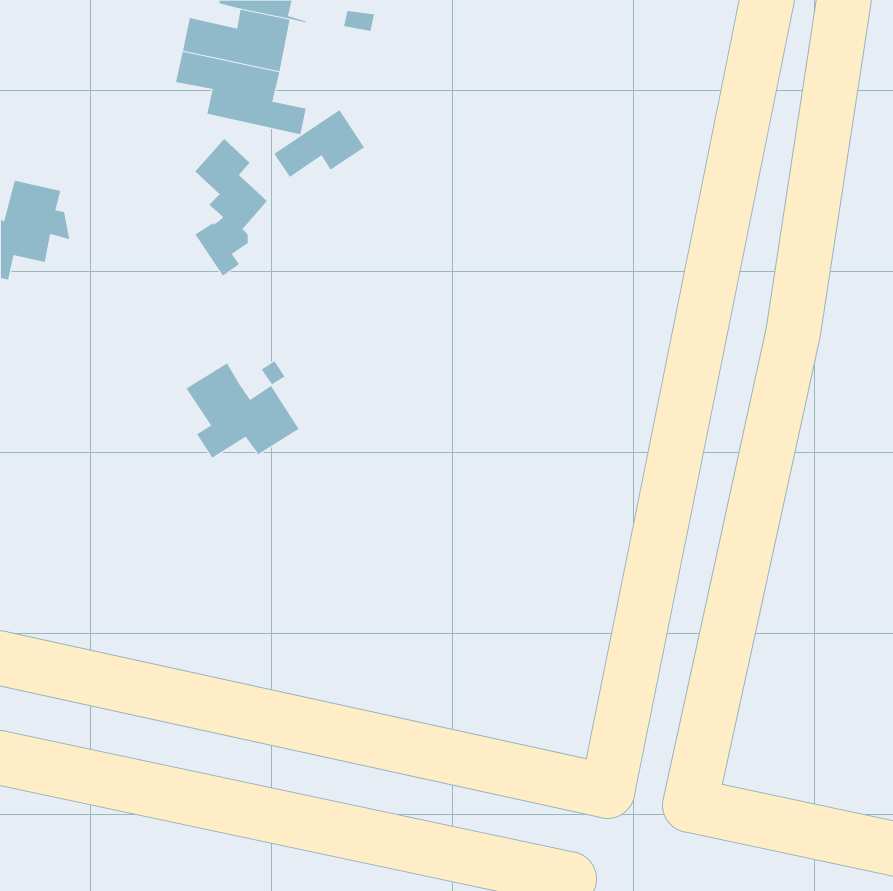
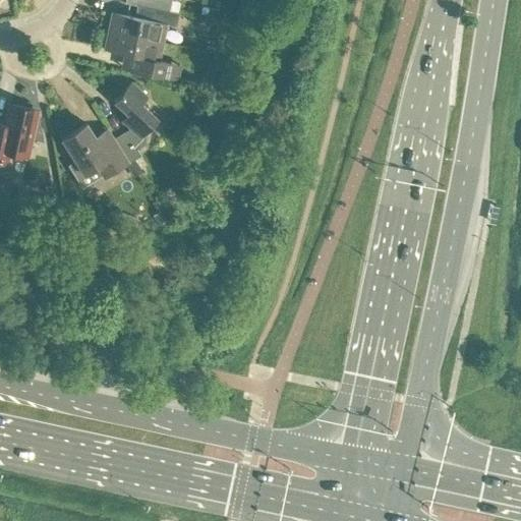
building: [273,109,365,178] -> none
building: [186,362,299,459] -> [62,124,128,180]

